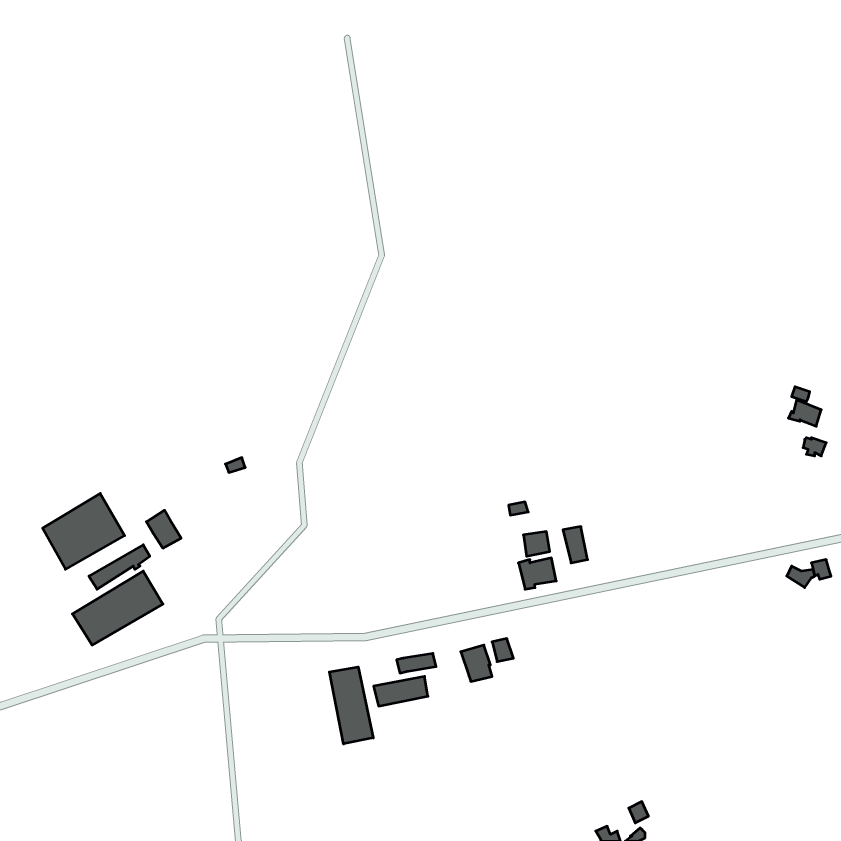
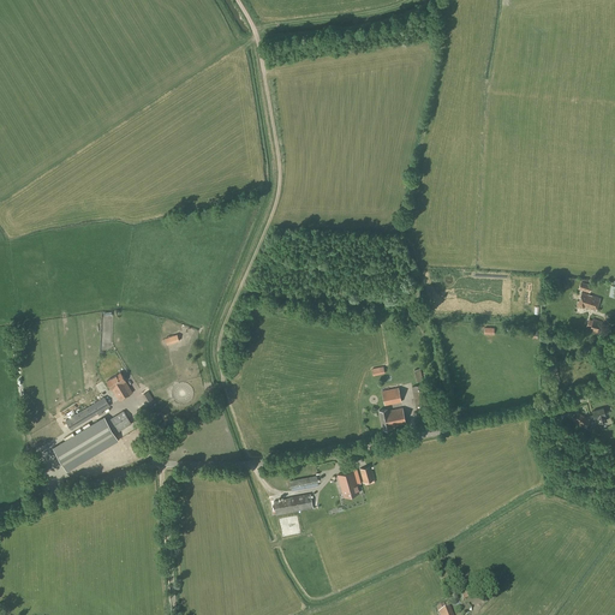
building: [43,493,125,569] -> none
building: [329,667,373,744] -> none

